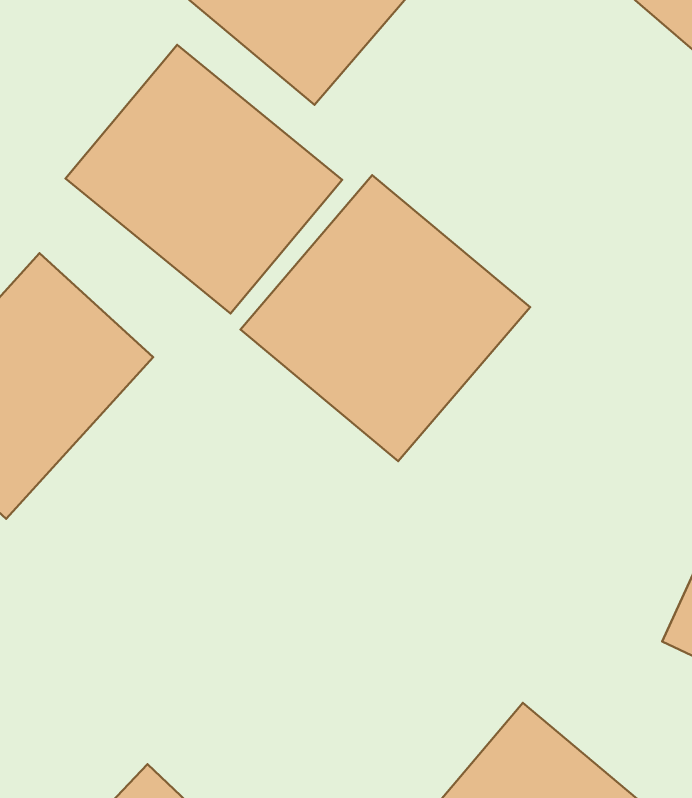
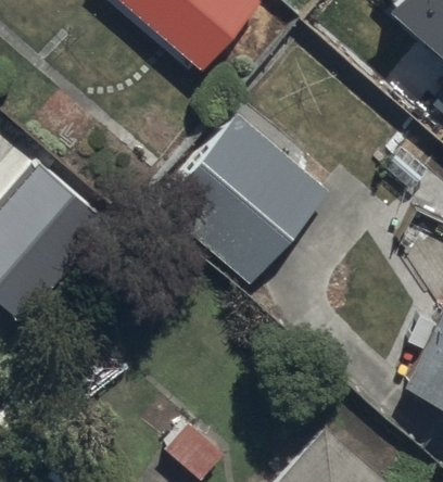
building: [66,45,342,314] -> none

